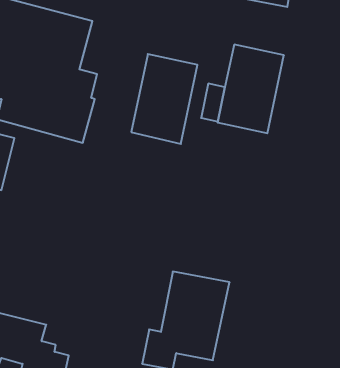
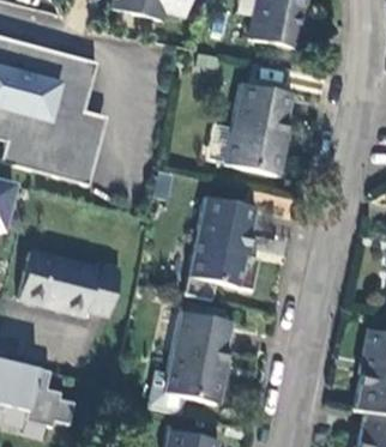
building: [131,54,197,144] -> [189,198,257,289]
building: none -> [18,250,122,316]

